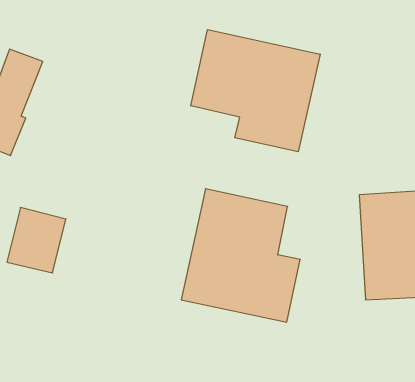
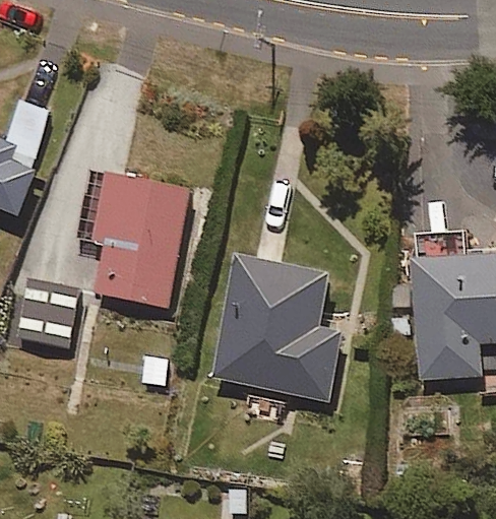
building: [191,30,320,152] -> none
building: none -> [88,170,191,308]

